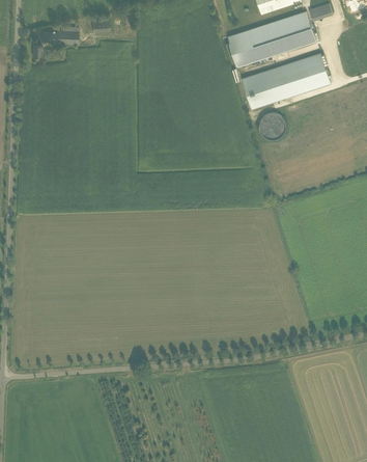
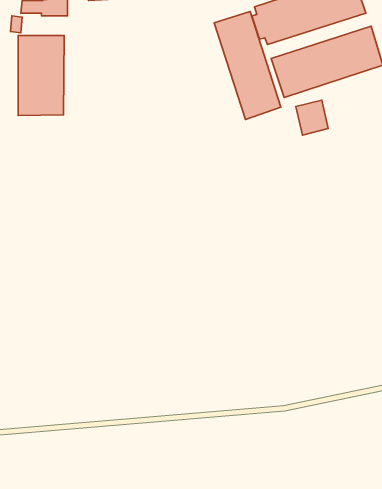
building: none -> [214,12,281,119]
building: none -> [18,35,64,116]

